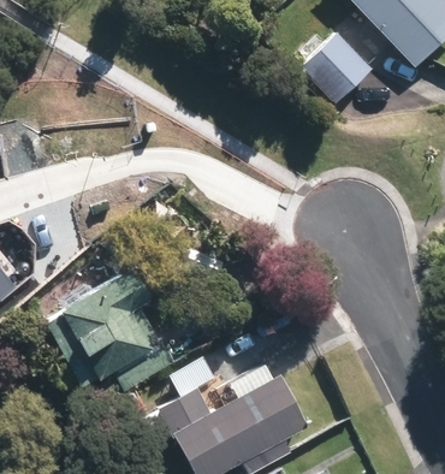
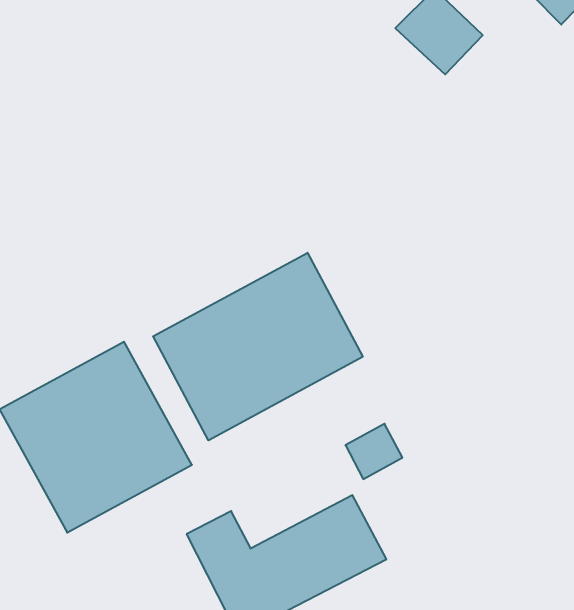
building: none -> [153,253,363,440]

